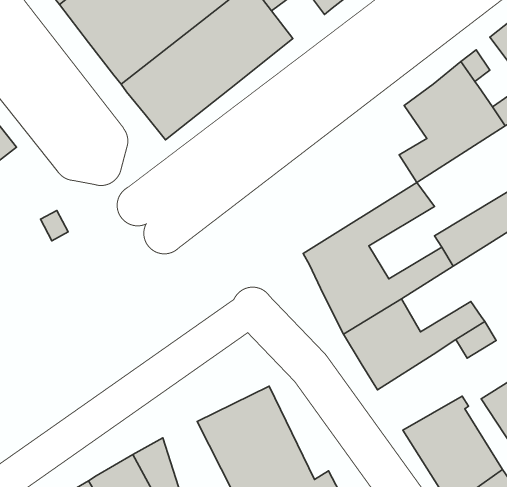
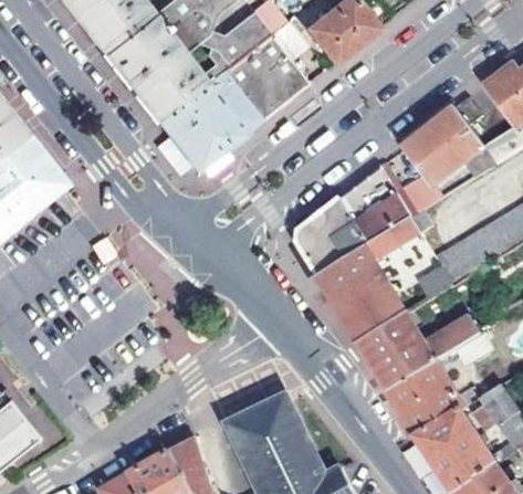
building: none -> [296,164,417,273]
building: none -> [383,361,457,428]

